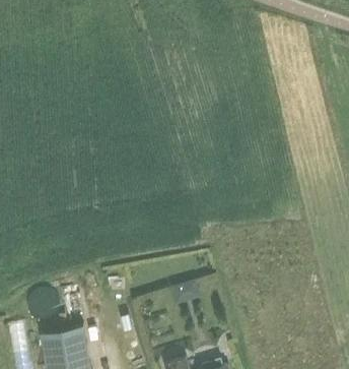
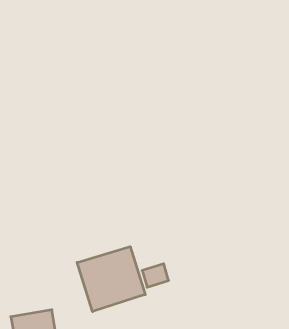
building: none -> [77,247,145,312]

